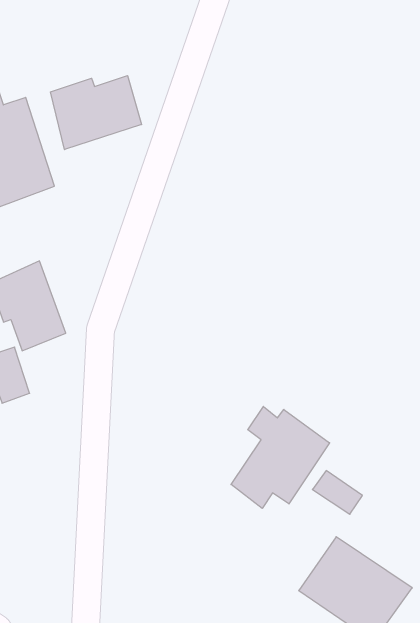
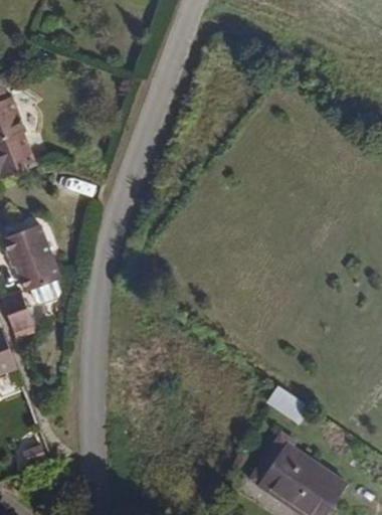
building: [51,76,142,150] -> none
building: [231,406,330,508] -> none

